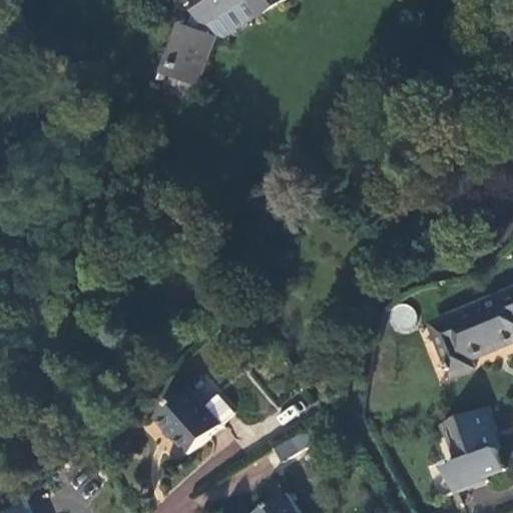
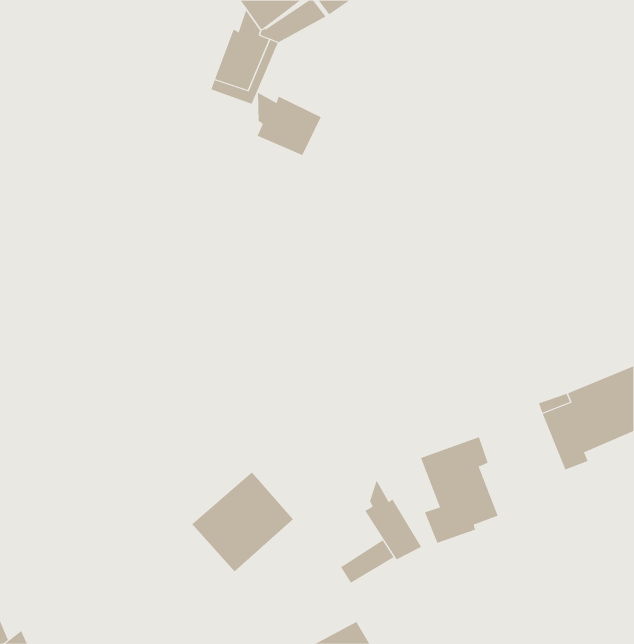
building: none -> [257,92,322,156]
building: none -> [365,479,422,560]
building: [438,406,500,491] -> [420,436,498,544]

